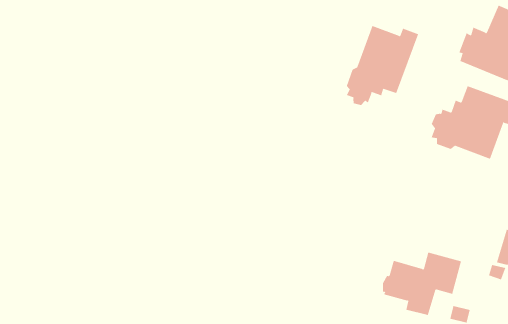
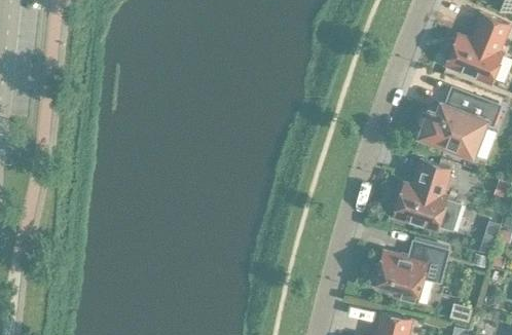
building: [346,25,419,106] -> none
building: none -> [394,160,461,231]

